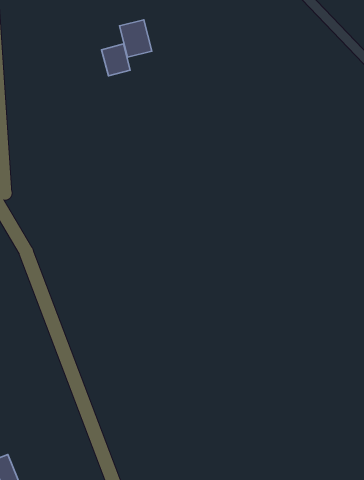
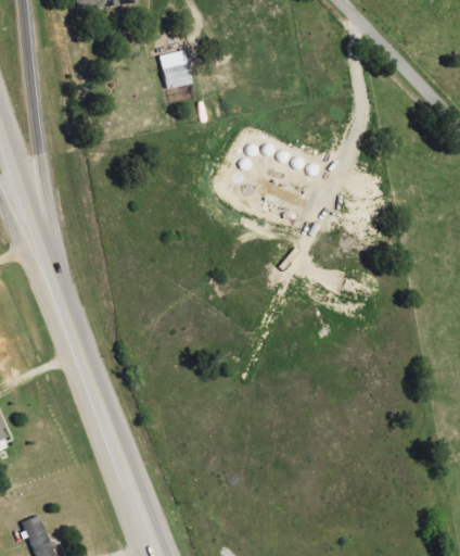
building: [102,44,130,76] -> none

